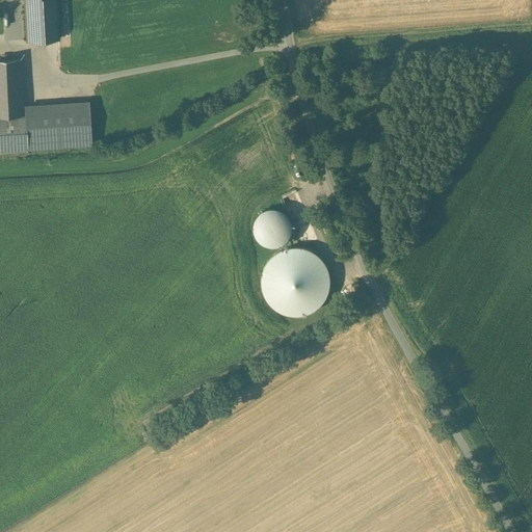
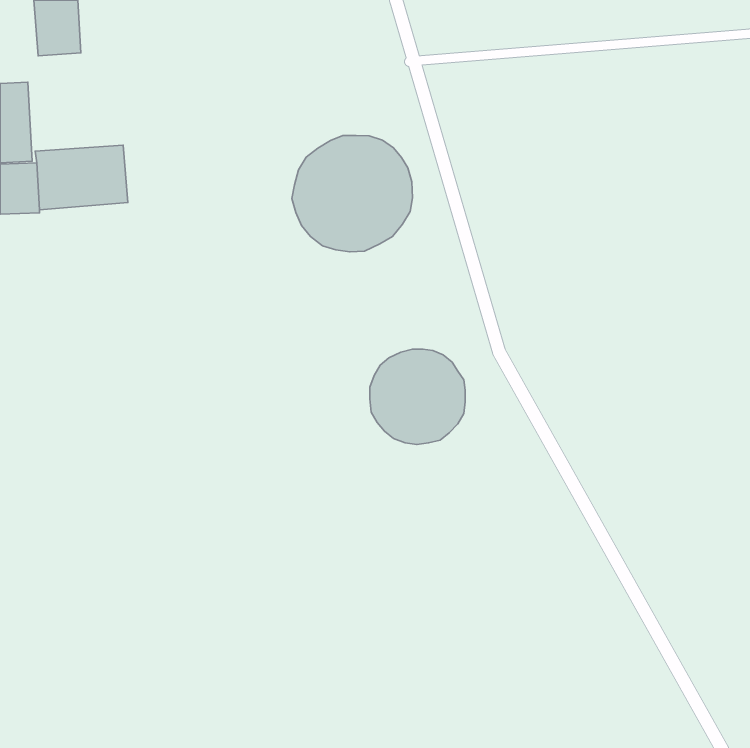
building: none -> [292,135,413,252]
building: [254,209,292,247] -> none

